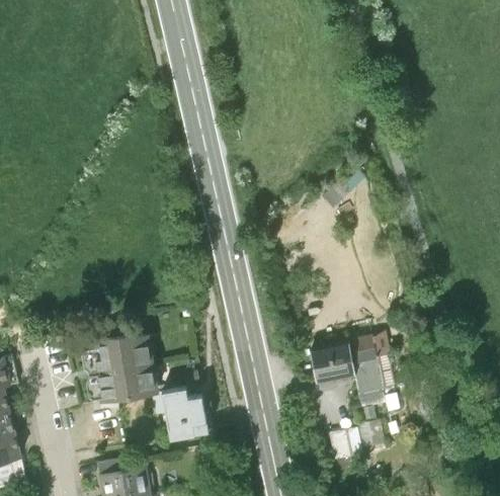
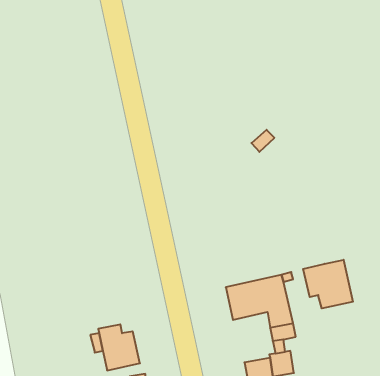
building: none -> [303,260,353,308]
building: [92,337,160,407] -> none

